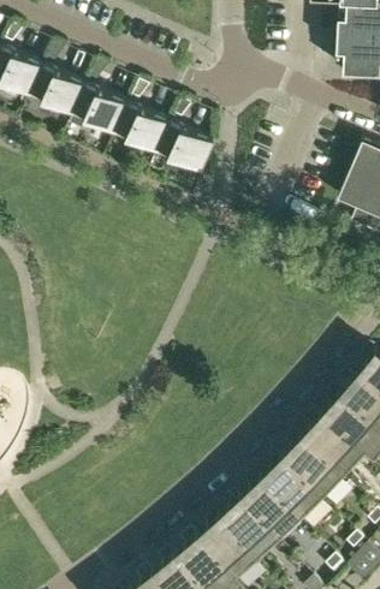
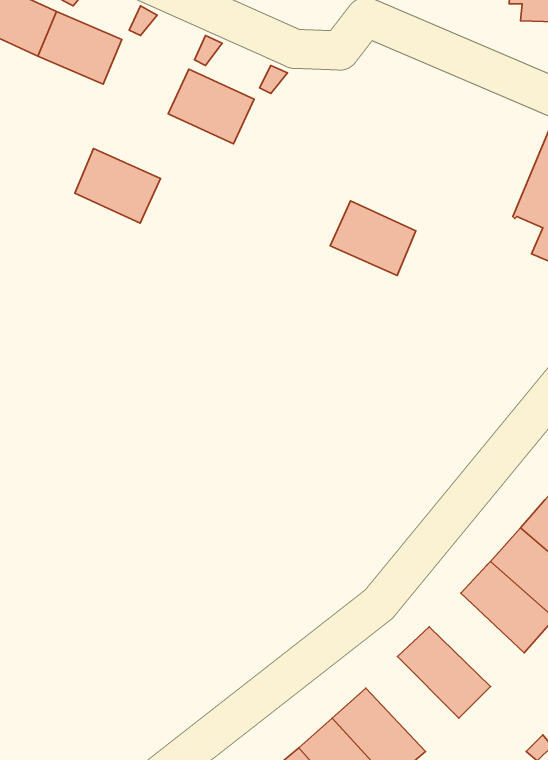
building: [72,83,127,131] -> [75,149,161,223]
building: [156,121,212,169] -> [330,201,416,276]
building: [283,440,344,500] -> none
building: [242,481,302,542] -> none

